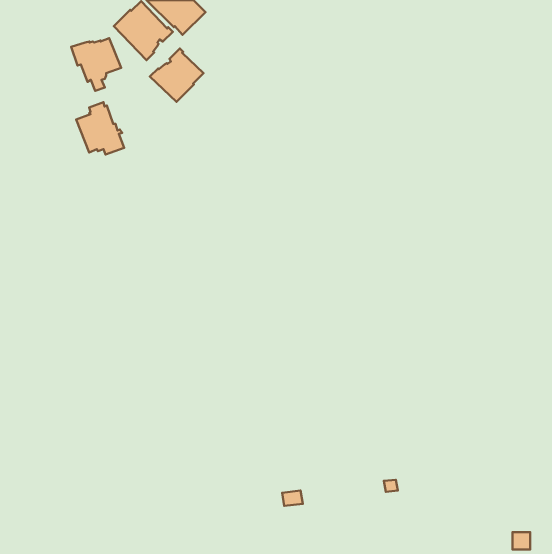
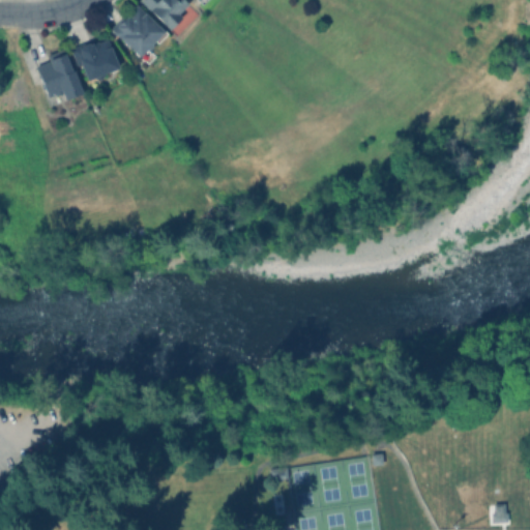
building: [150,48,204,102] -> none
building: [76,102,124,155] -> [38,51,84,100]

